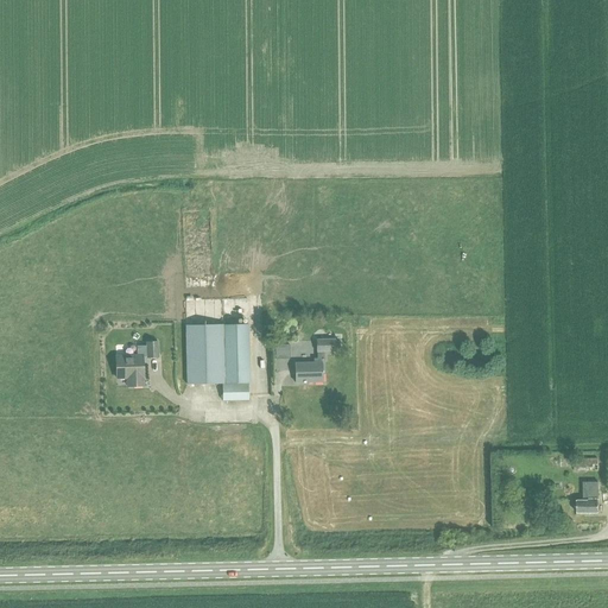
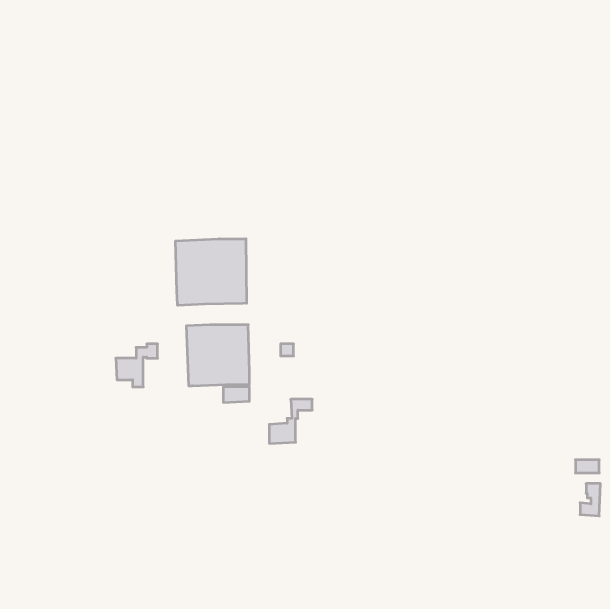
building: none -> [176,239,247,305]
building: [294,338,337,382] -> [269,399,312,443]

